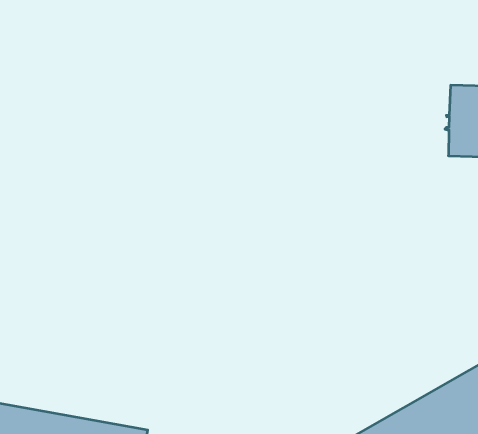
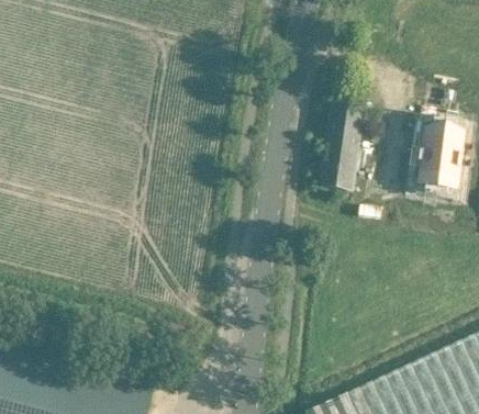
building: none -> [320,105,361,191]

